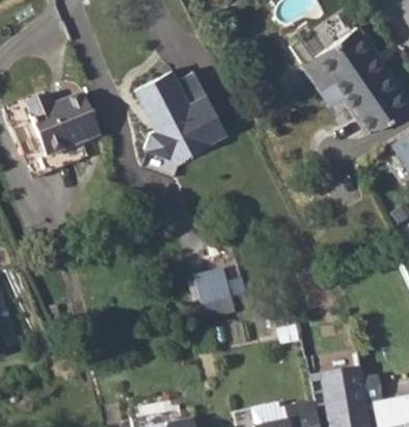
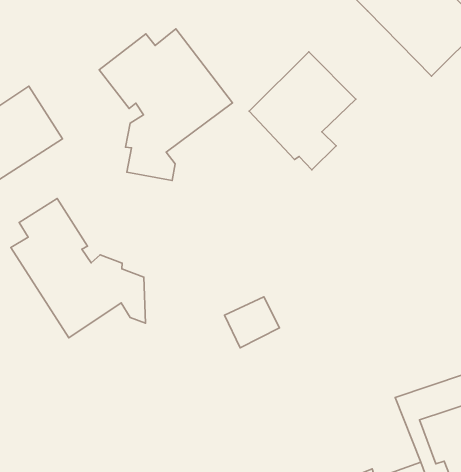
building: none -> [249,52,356,170]
building: none -> [11,198,145,338]

